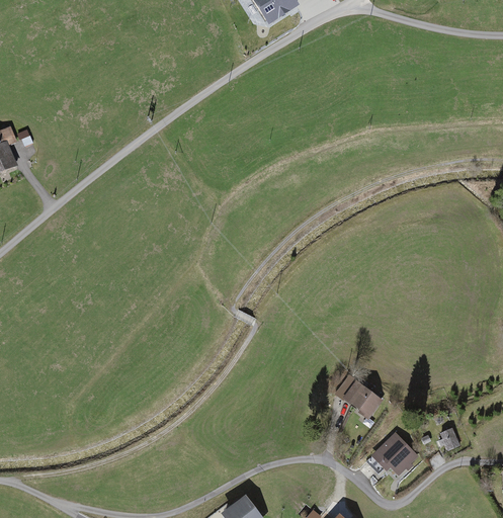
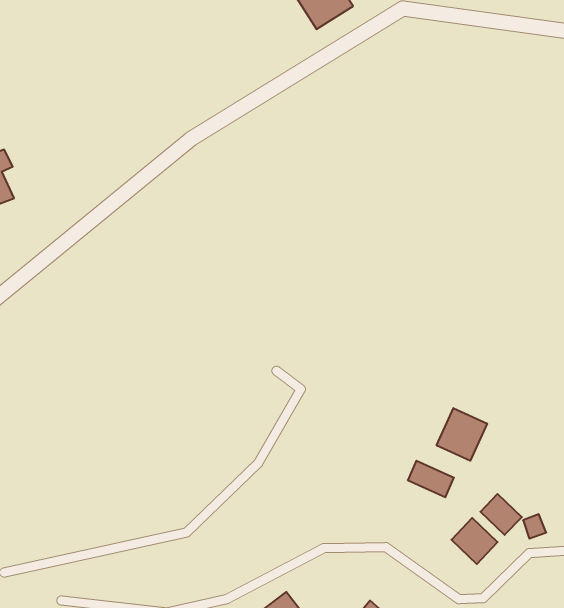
building: none -> [437,408,487,461]
building: none -> [480,494,522,535]

